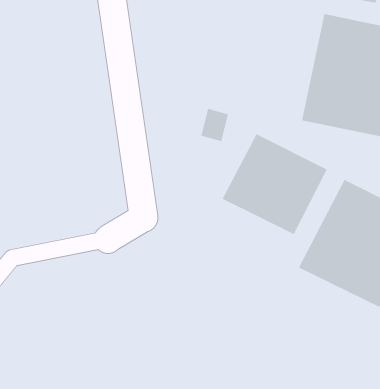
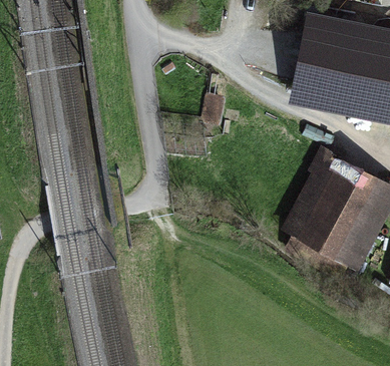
building: [222,133,328,235] -> none

